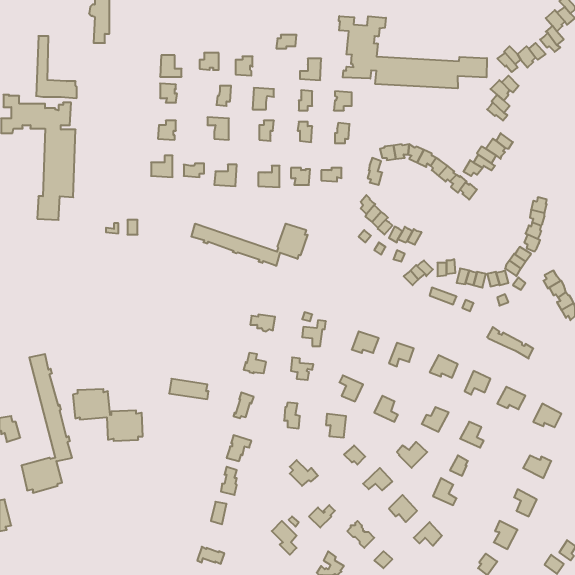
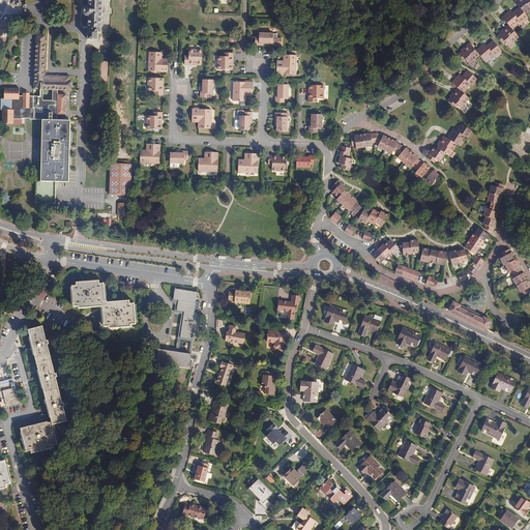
building: [339,16,487,88] -> none
building: none -> [108,161,130,194]
building: [191,224,308,266] -> none
building: none -> [173,288,199,338]
building: [73,389,143,441] -> [70,279,135,327]

